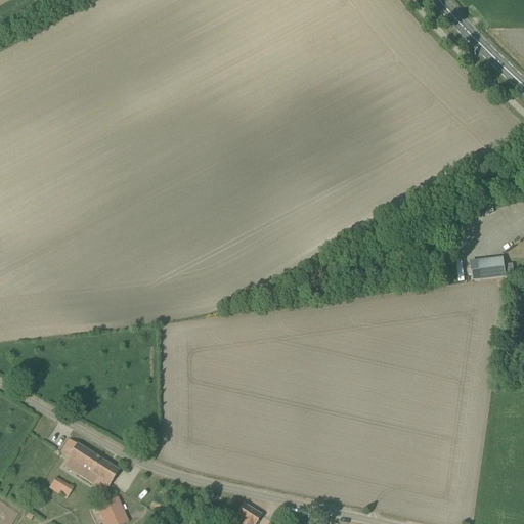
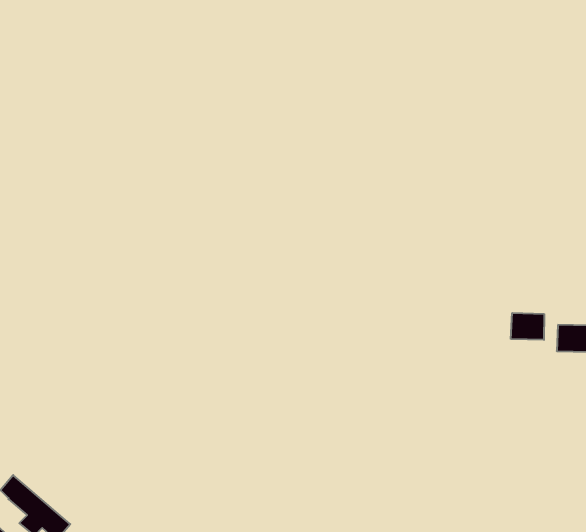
building: none -> [511,313,544,340]

